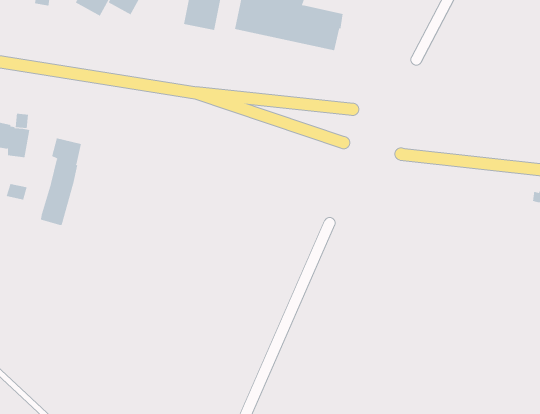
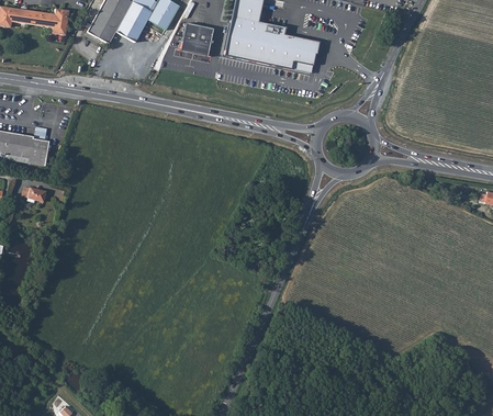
building: [40,137,81,226] -> none

